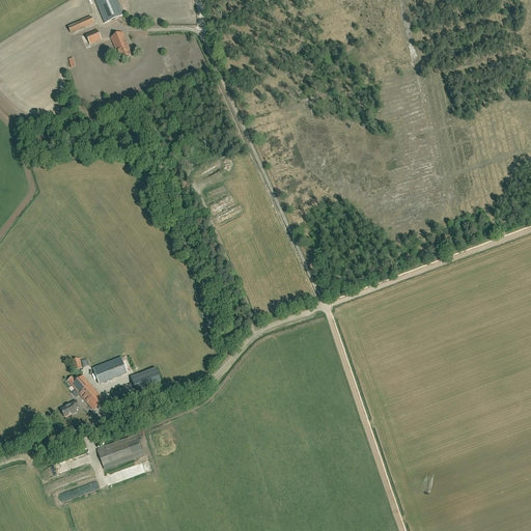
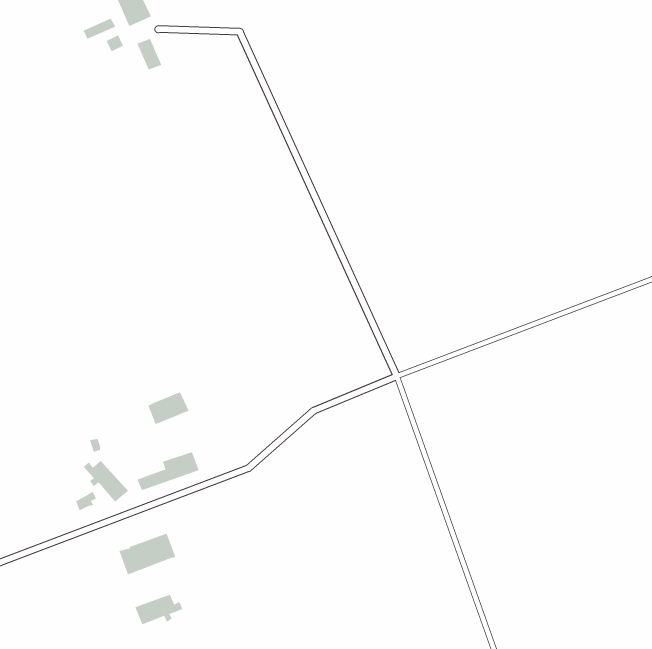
building: [93,356,128,383] -> [147,392,189,425]
building: none -> [134,594,183,625]

